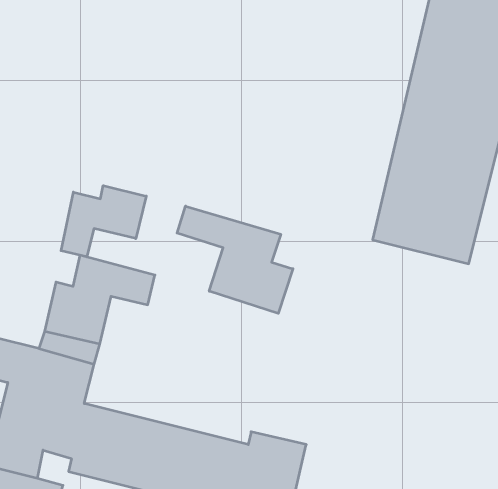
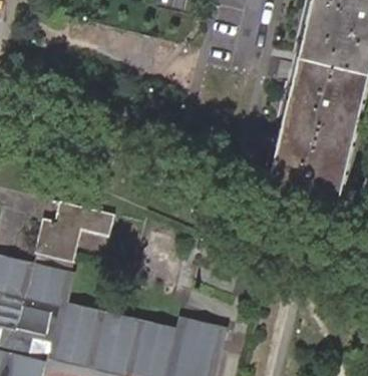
building: [61,186,146,257] -> none
building: [177,206,293,313] -> none

